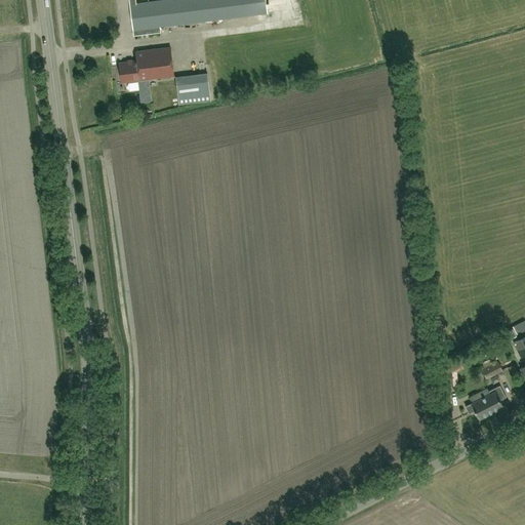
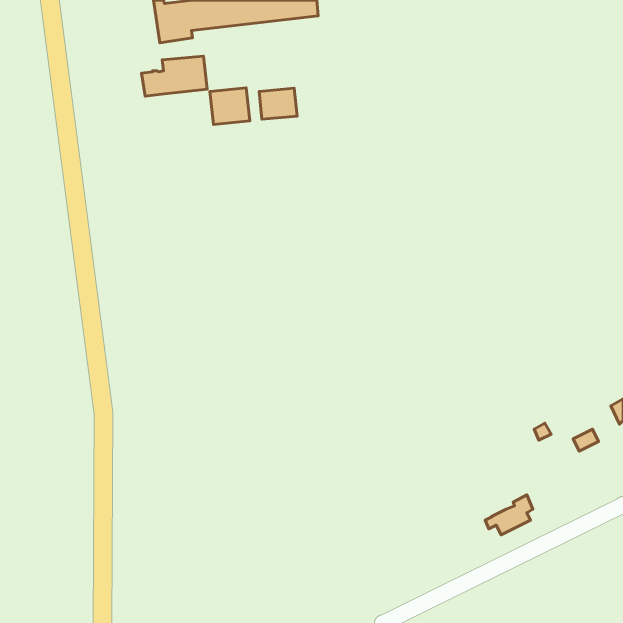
building: none -> [259,88,297,119]
building: [466,385,506,418] -> [485,495,533,535]

